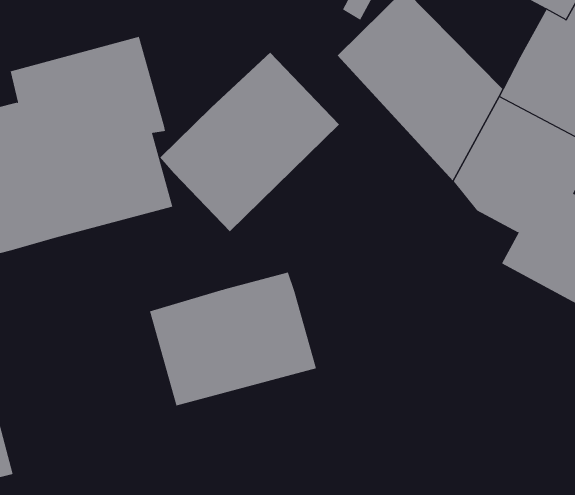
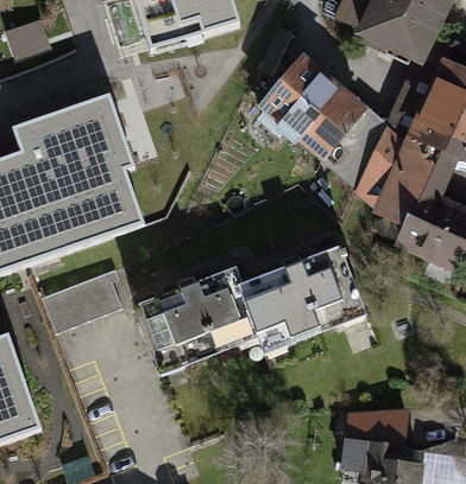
building: [160,52,340,232] -> none
building: none -> [239,241,365,348]
building: none -> [38,269,121,332]

